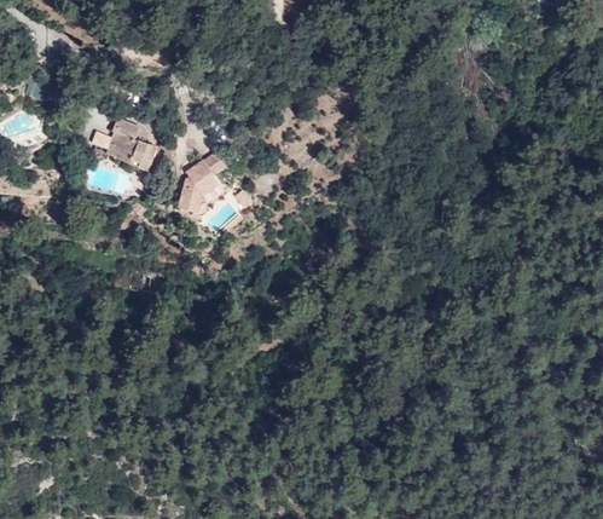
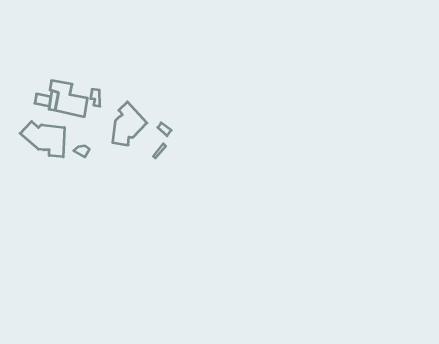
building: none -> [20,121,64,157]

